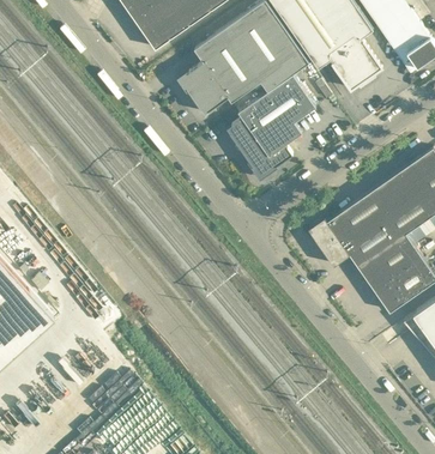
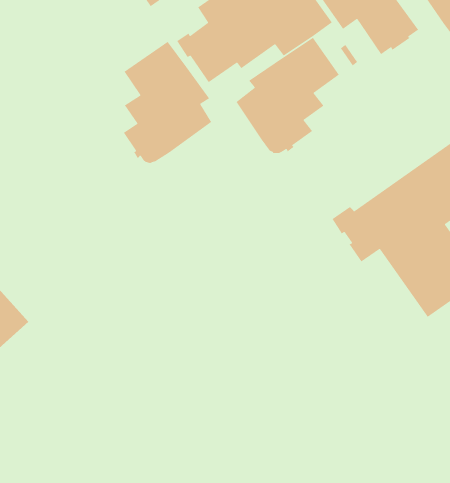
building: none -> [123,41,212,164]

